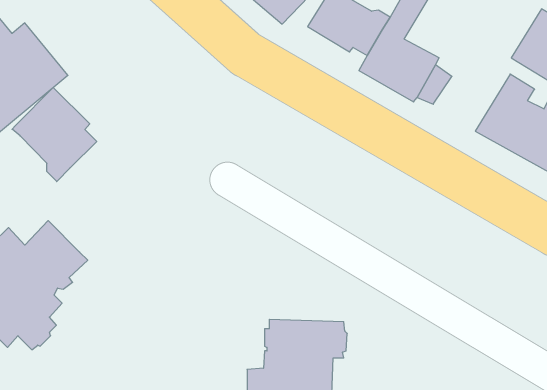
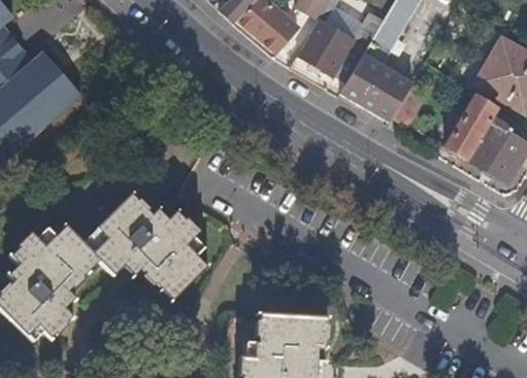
building: [12,88,97,182] -> none
building: none -> [93,194,209,301]

